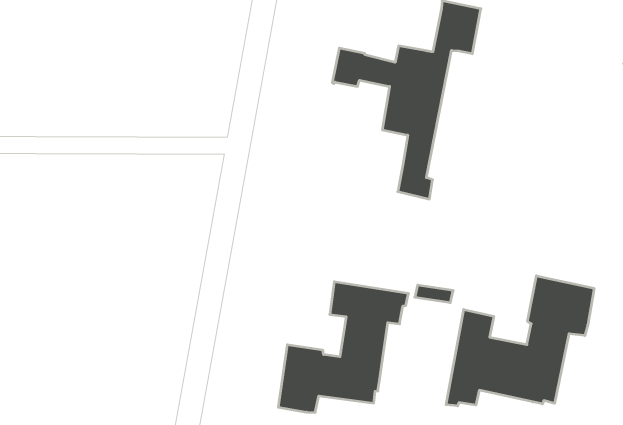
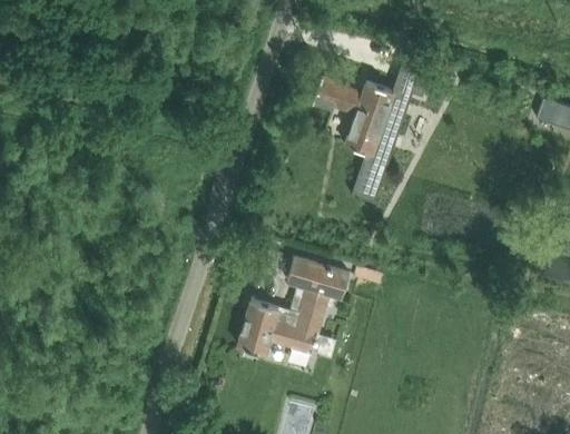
building: [446,276,594,406] -> none

